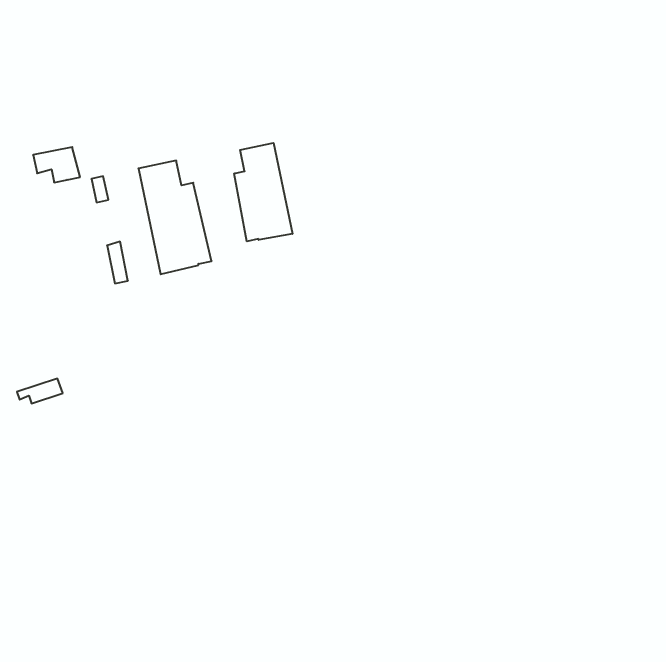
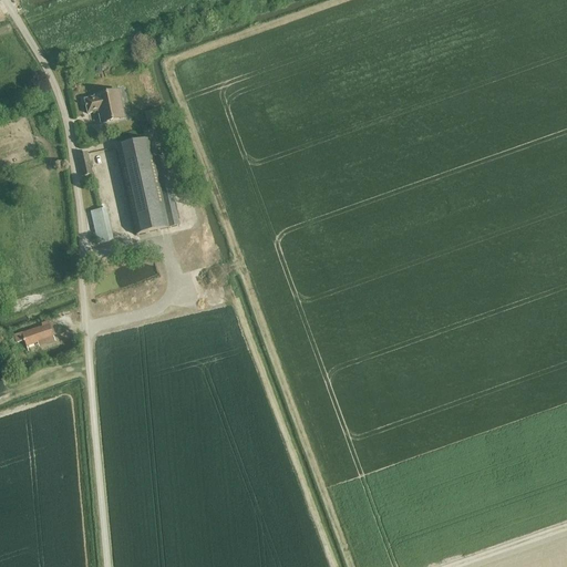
building: [234,143,292,241] -> none
building: [33,147,80,182] -> [85,89,125,118]

